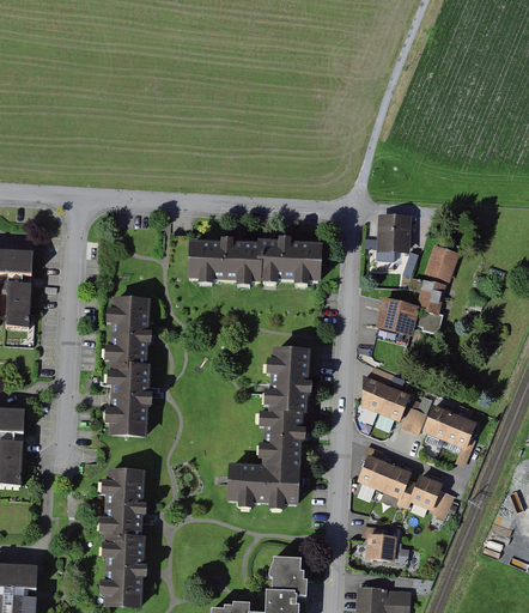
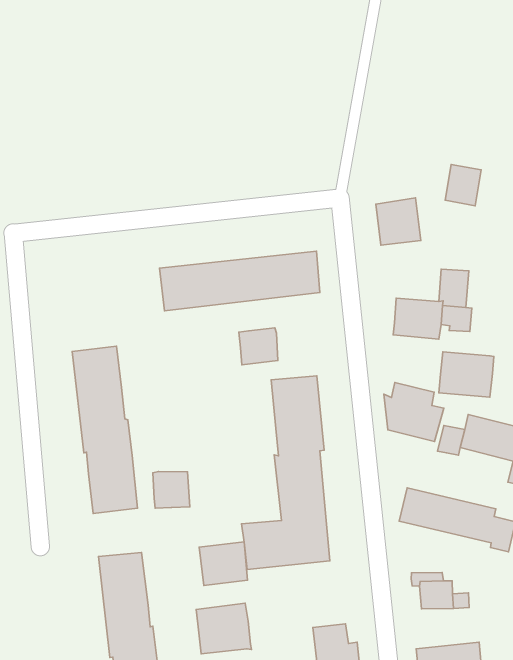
building: [427,245,461,283] -> [445,164,481,206]
building: none -> [239,328,278,365]
building: none -> [439,352,494,397]
building: none -> [153,472,190,508]
building: none -> [199,542,247,586]
building: none -> [196,603,252,654]

